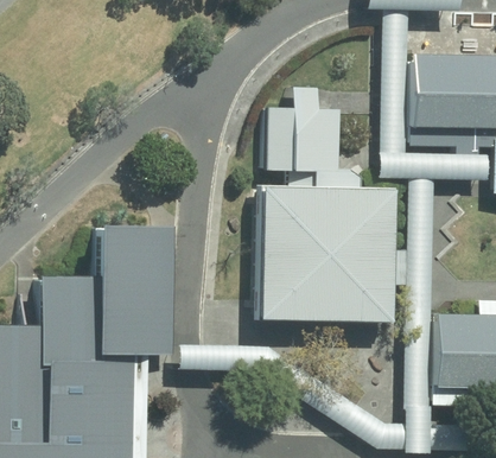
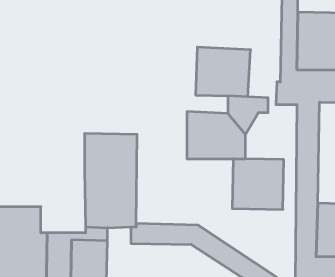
building: [335,192,388,256] -> none
building: [254,255,318,323] -> none
building: [57,272,117,356] -> none

